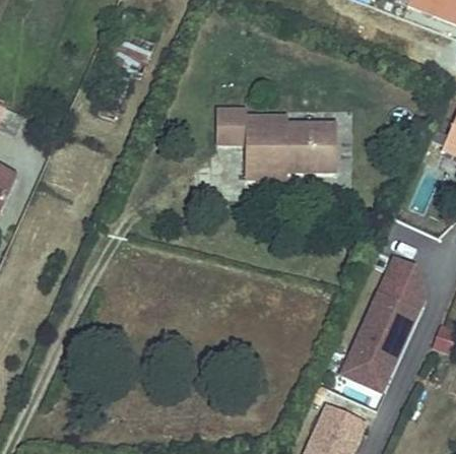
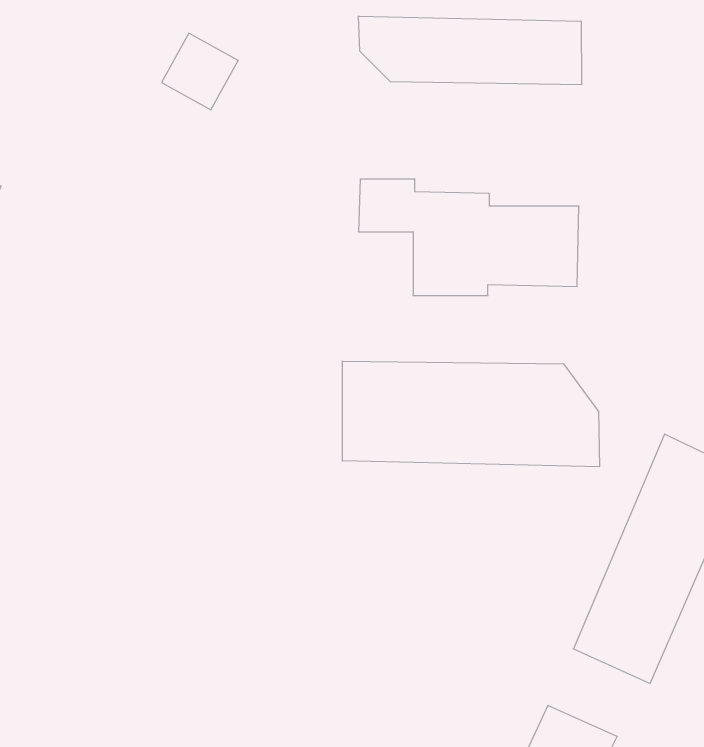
building: none -> [359,16,582,85]
building: none -> [342,361,599,467]

